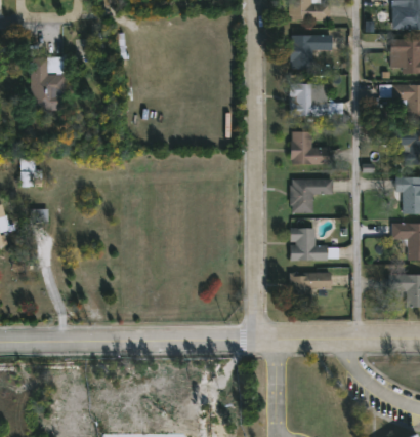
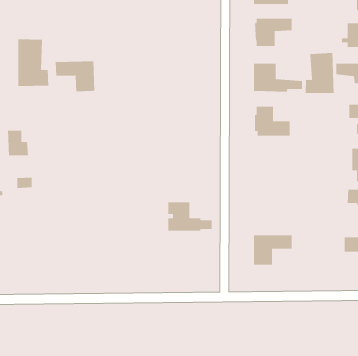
building: none -> [305,52,334,94]
building: none -> [55,60,95,92]
building: [290,180,333,213] -> none
building: [290,228,339,261] -> [168,202,212,232]

